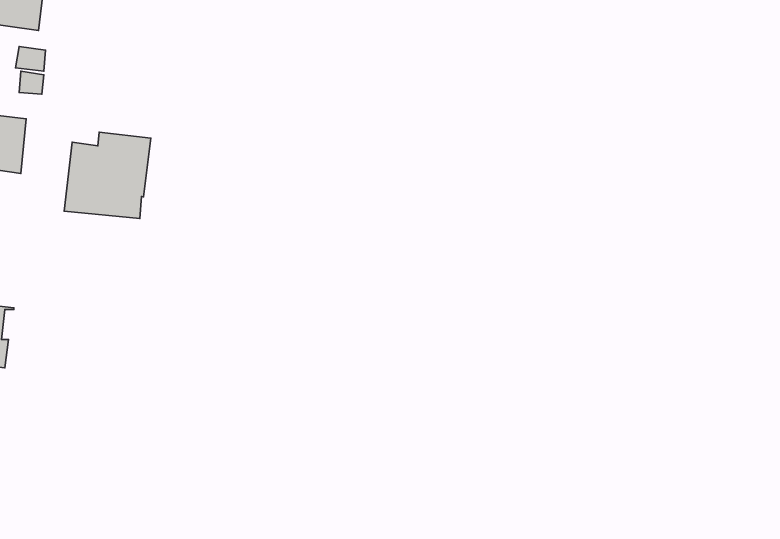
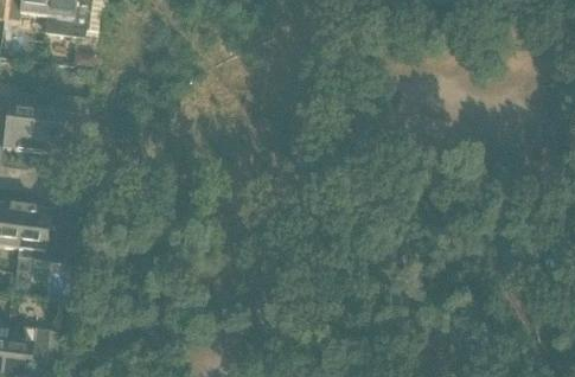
building: [64,132,151,219] -> none

